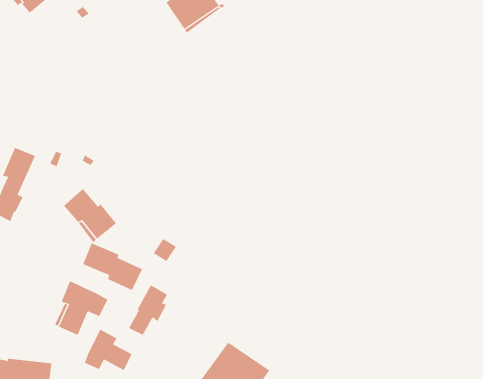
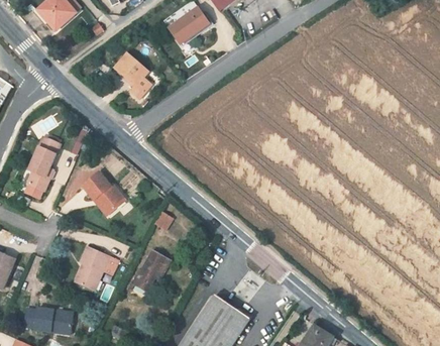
building: none -> [115,53,150,98]
building: [82,243,143,291] -> none
building: [84,329,133,371] -> none

